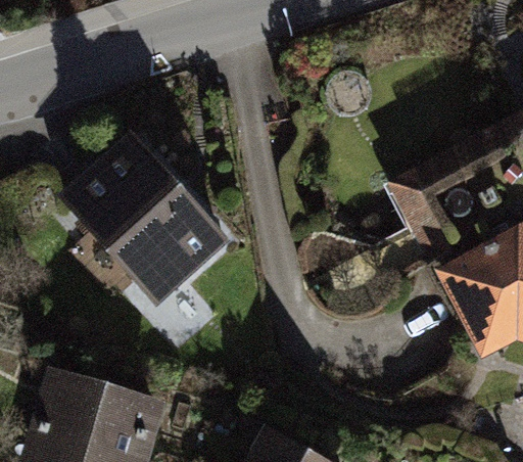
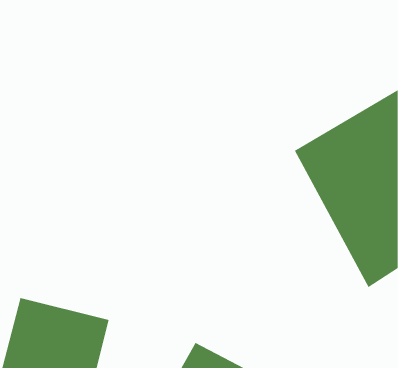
building: [63,132,235,308] -> none

